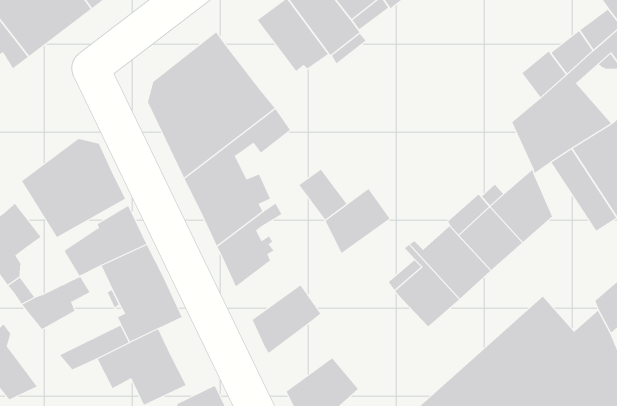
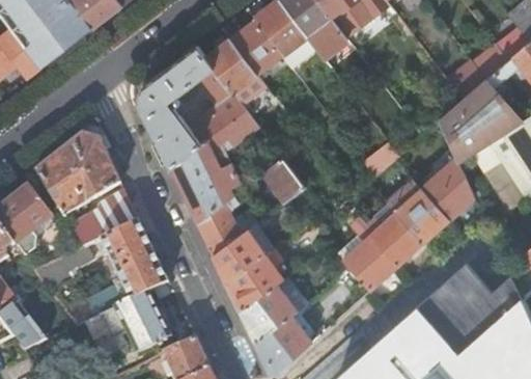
building: none -> [204,37,267,94]
building: [325,188,390,254] -> [213,231,267,285]
building: none -> [240,285,298,344]

